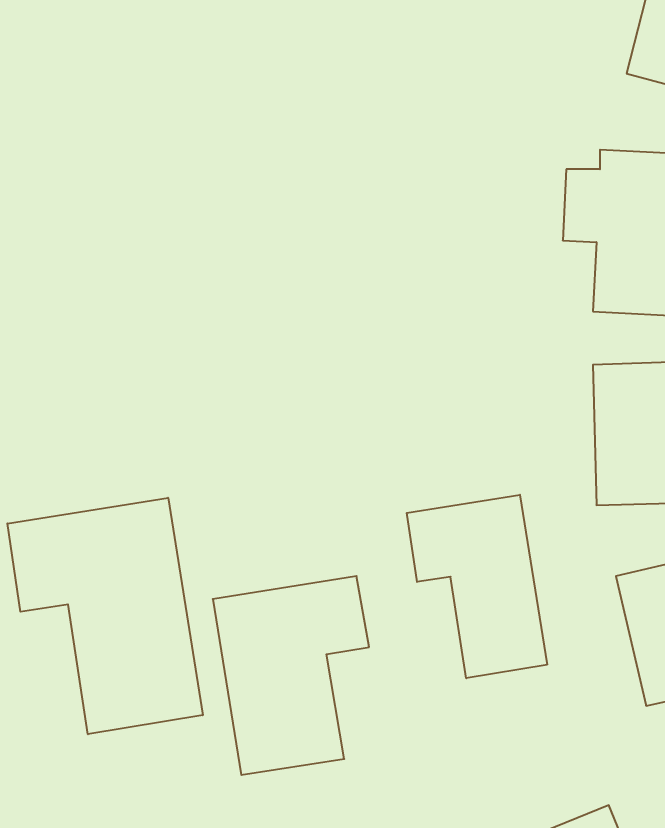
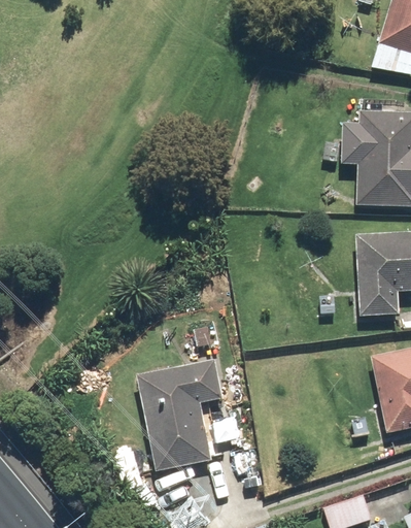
building: [407,495,547,678] -> none
building: [7,498,203,734] -> none

